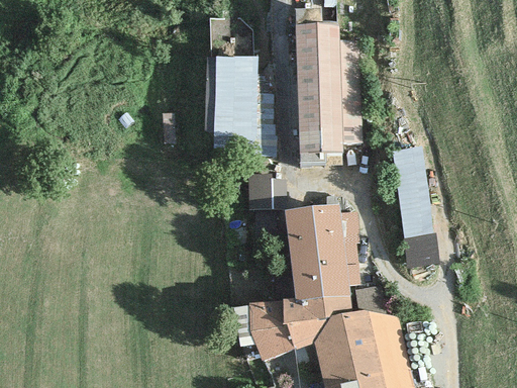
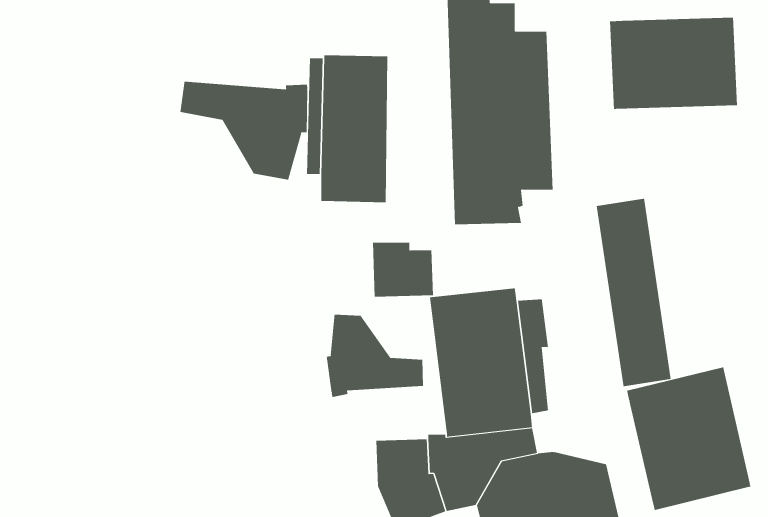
building: none -> [610,17,738,110]
building: none -> [180,81,308,181]
building: none -> [326,314,423,398]
building: none -> [626,366,752,511]

